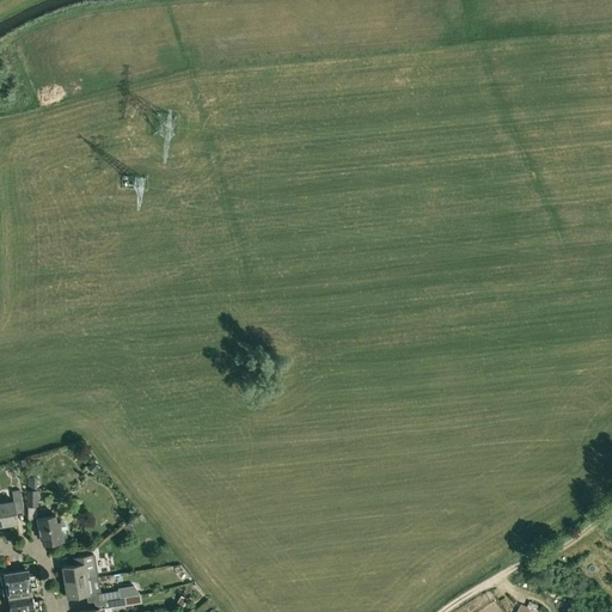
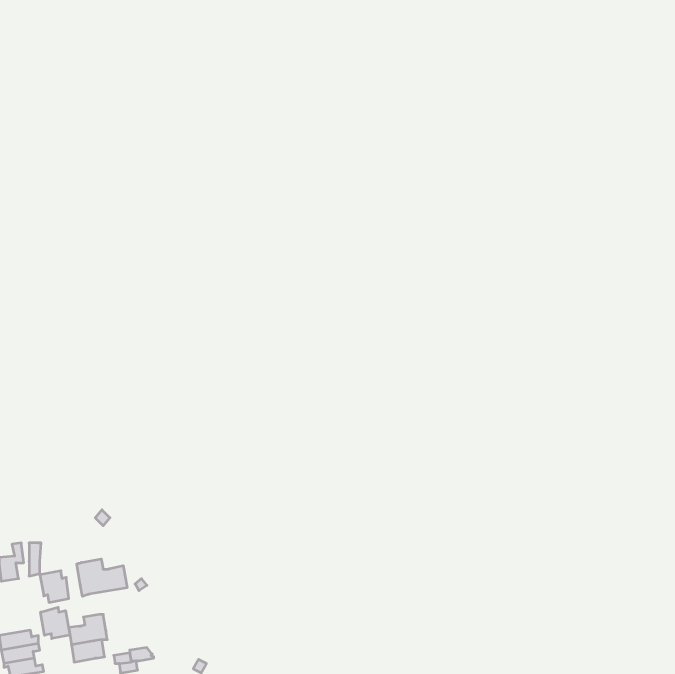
building: none -> [77,559,127,596]
building: none -> [41,607,70,639]

